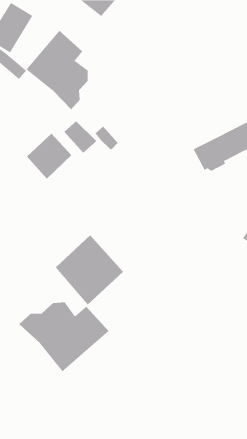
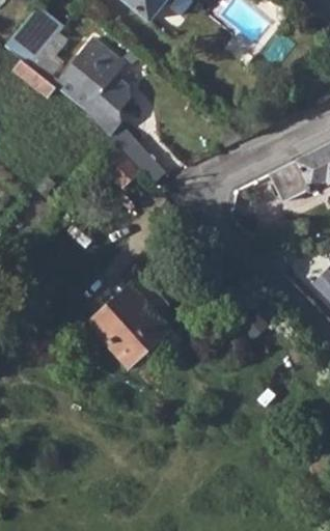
building: [26,133,72,179] -> none
building: [18,302,109,372] -> none

